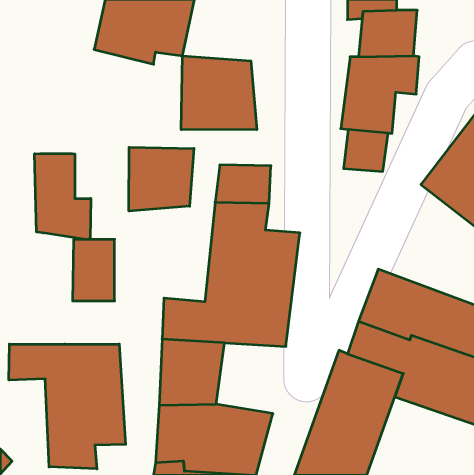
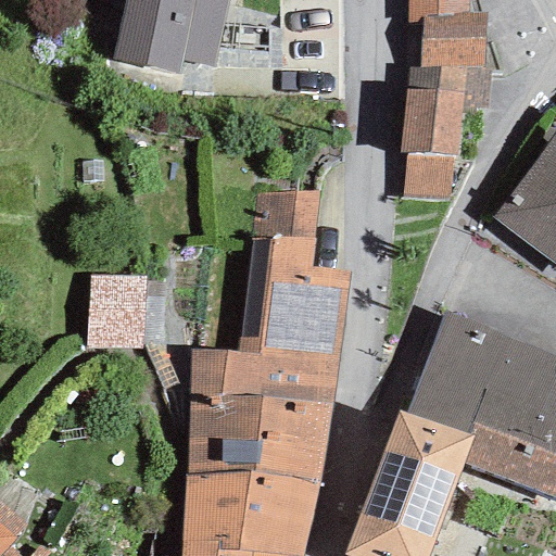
building: [181,56,257,130] -> none
building: [129,147,194,211] -> none
building: [35,154,91,239] -> none
building: none -> [254,400,336,482]
building: [9,344,126,469] -> none

